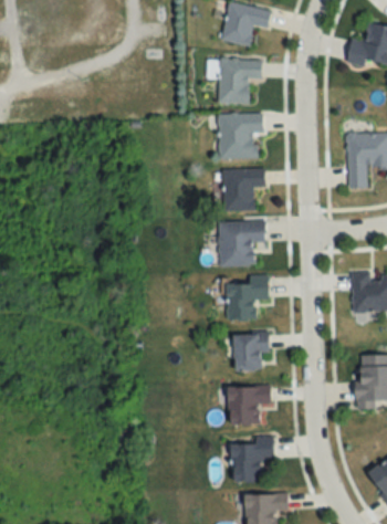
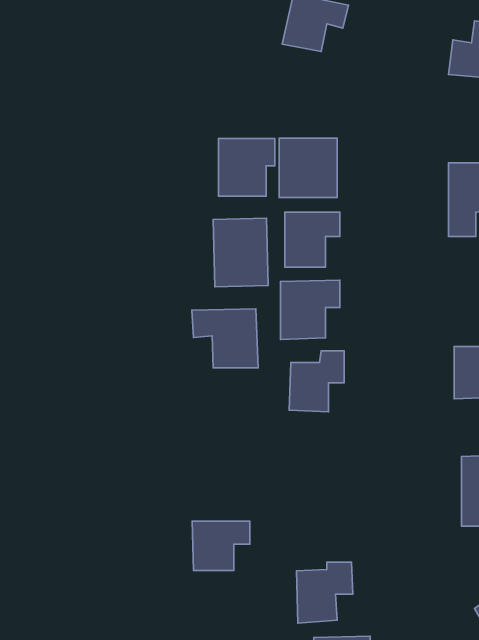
building: [218,59,261,103] -> [219,138,275,196]
building: none -> [213,218,268,287]
building: none -> [192,309,258,368]
building: [234,334,269,371] -> none
building: [227,387,271,425] -> [192,521,250,570]

